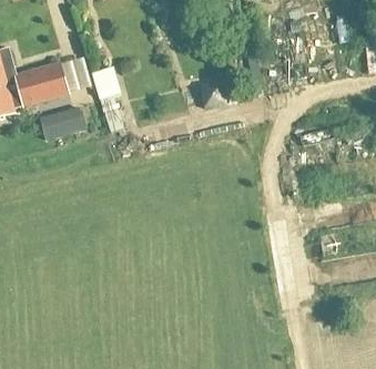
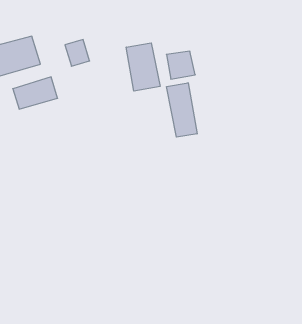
building: none -> [126,43,160,91]
building: none -> [167,83,197,137]

